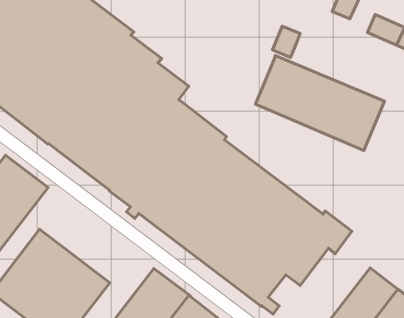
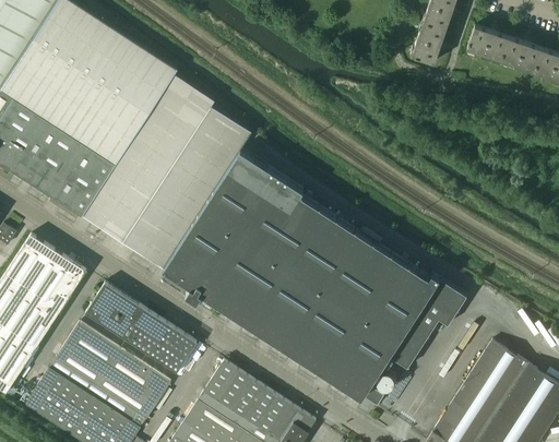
building: [272,26,300,57] -> [411,26,443,64]
building: [255,55,384,151] -> none
building: none -> [85,284,197,373]

